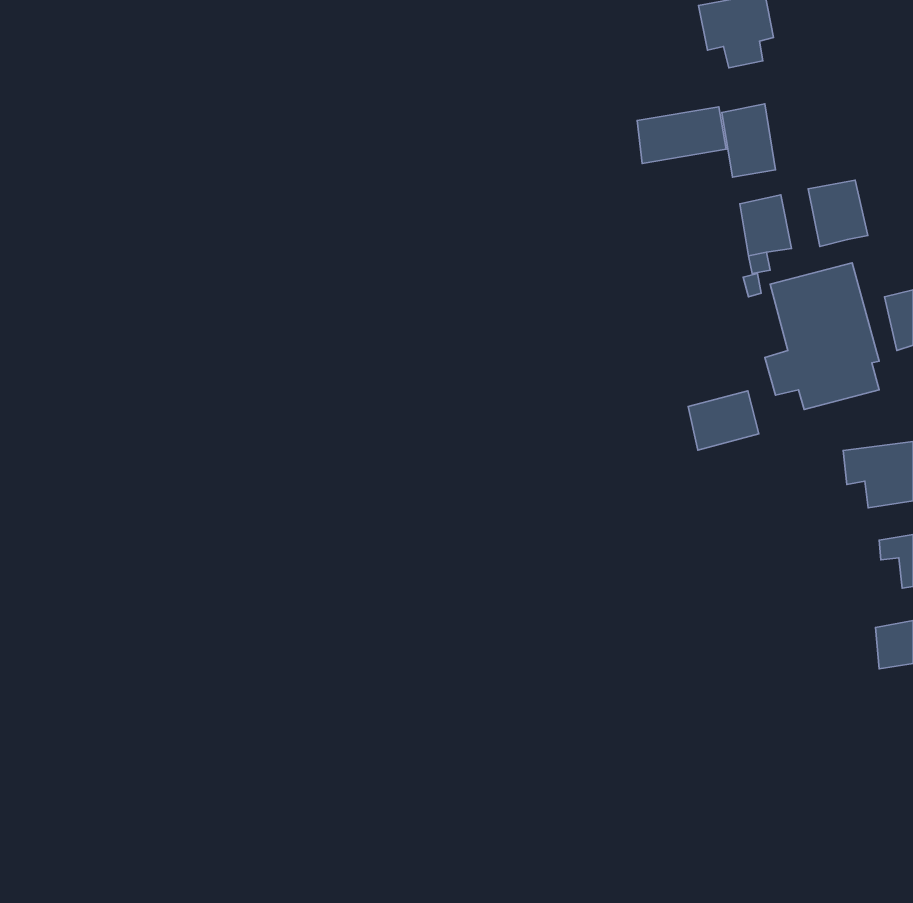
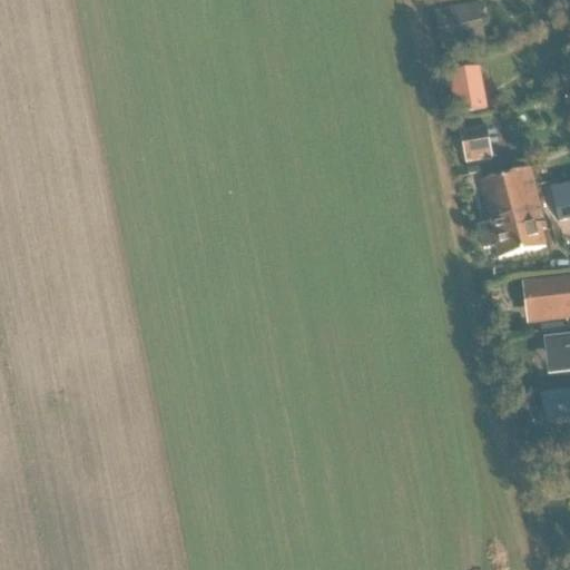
building: [637,107,726,164] -> none
building: [808,180,868,247] -> none
building: [688,391,759,450] -> none

